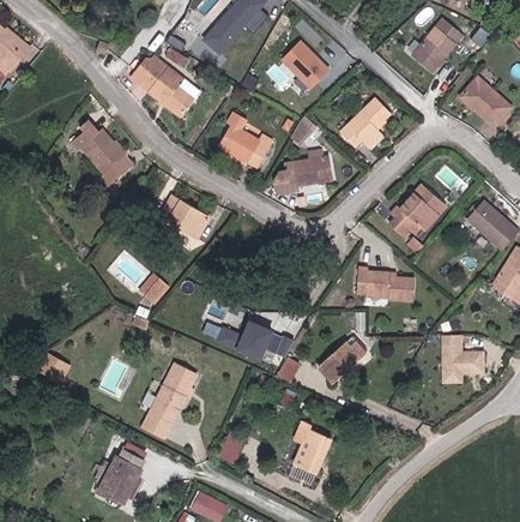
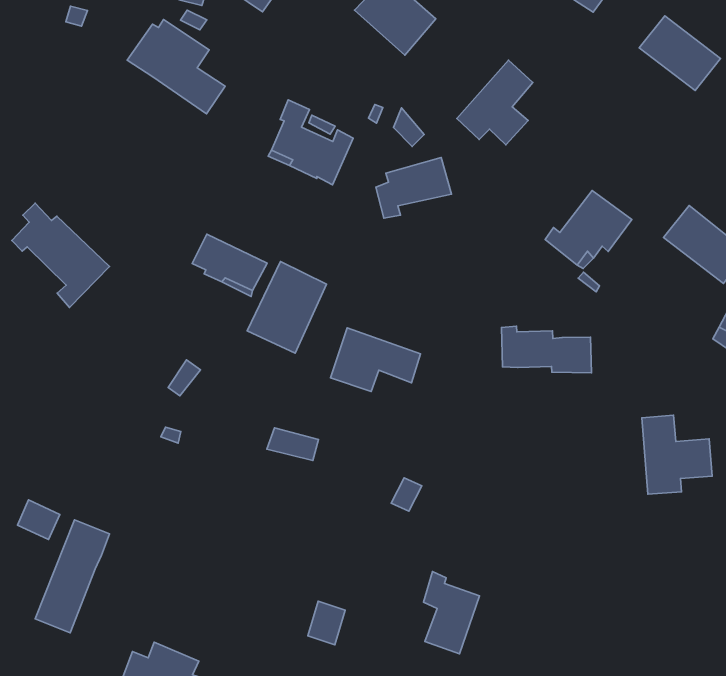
building: [74,119,135,187] -> [12,203,110,307]
building: none -> [247,261,326,353]
building: [235,318,294,360] -> [330,328,421,392]
building: [318,338,363,382] -> none
building: [144,364,195,436] -> [35,520,109,633]

